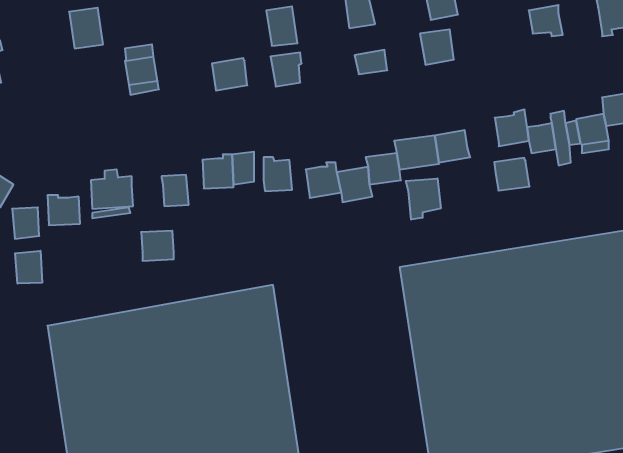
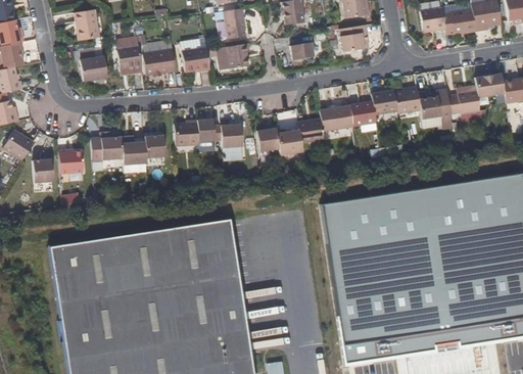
building: none -> [442,9,475,35]
building: none -> [143,49,176,75]
building: none -> [80,56,107,81]
building: [494,158,530,191] -> [371,90,397,114]
building: [406,178,441,220] -> none
building: [141,231,174,261] -> [122,142,146,165]
building: [15,251,42,284] -> none

